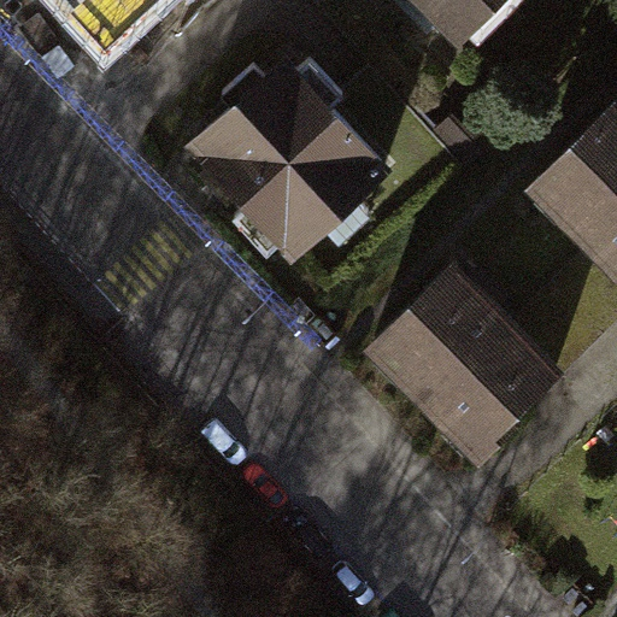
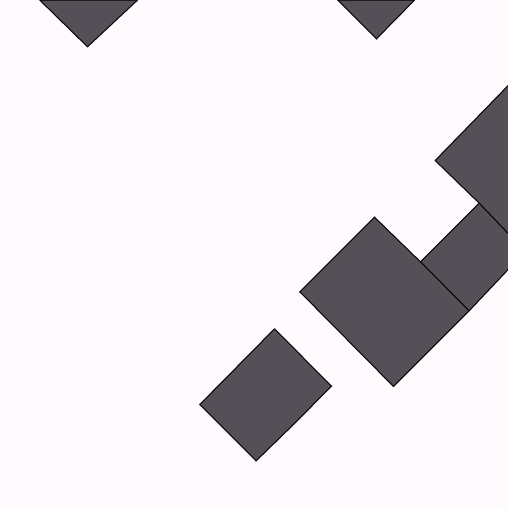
building: [181,49,378,249] -> none
building: none -> [200,329,332,461]

